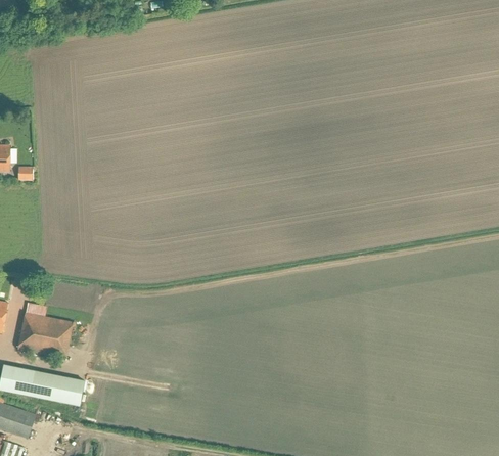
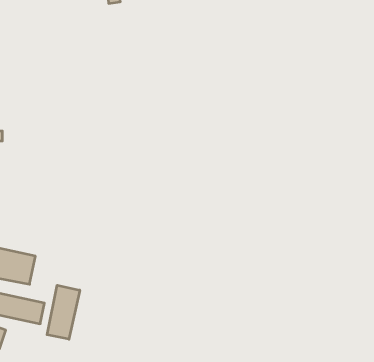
building: none -> [47,285,80,339]

